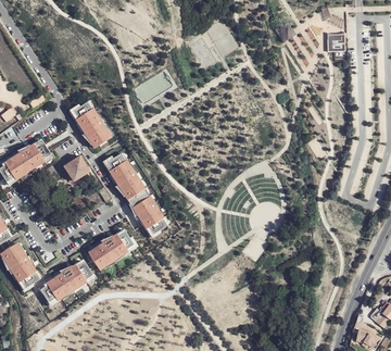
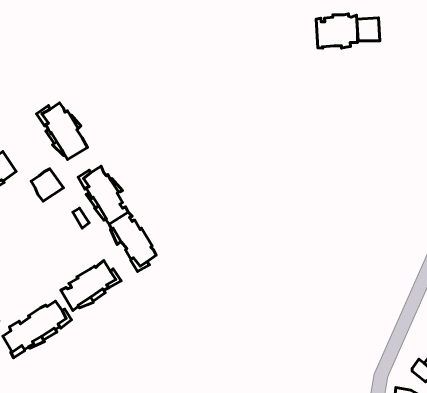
building: none -> [316,14,358,48]

